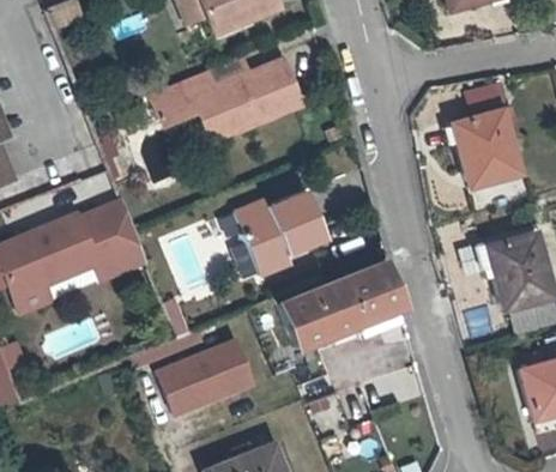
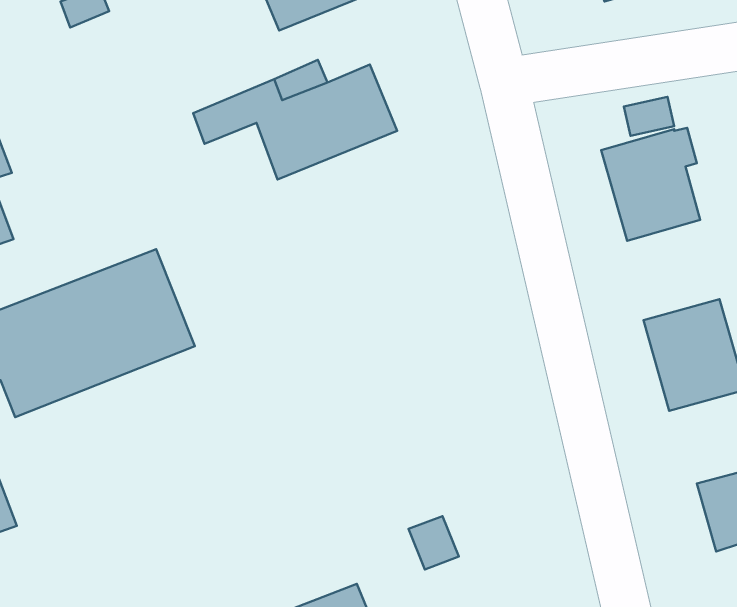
building: [234,192,321,273] -> none
building: [271,262,401,359] -> none
building: [151,340,250,419] -> none

